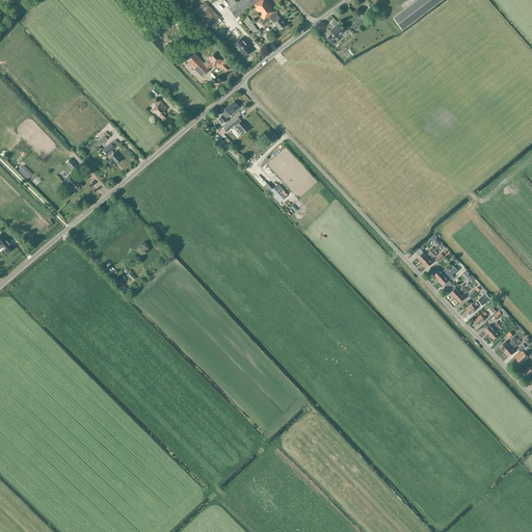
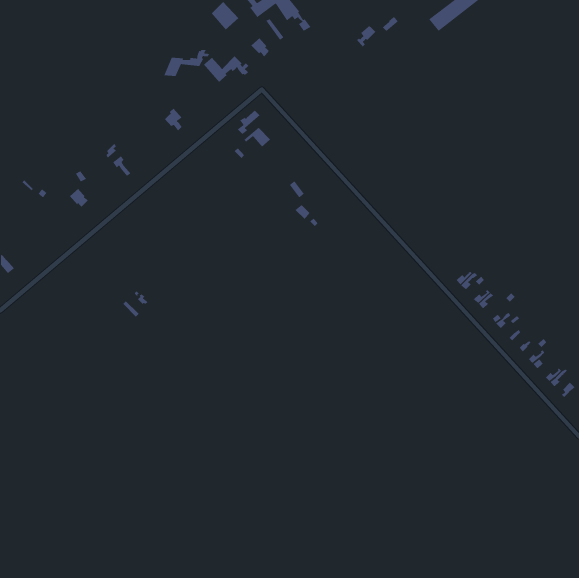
building: none -> [163,49,210,77]

